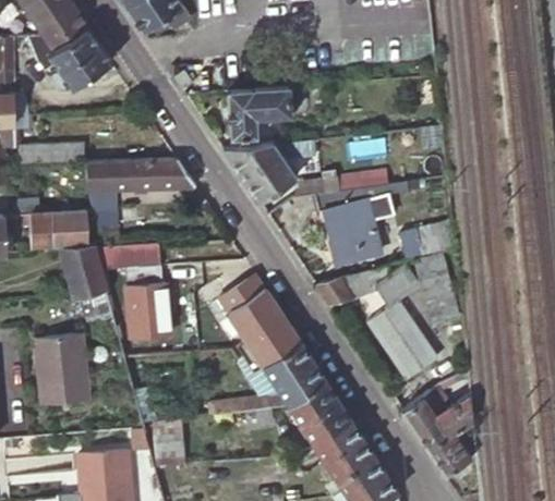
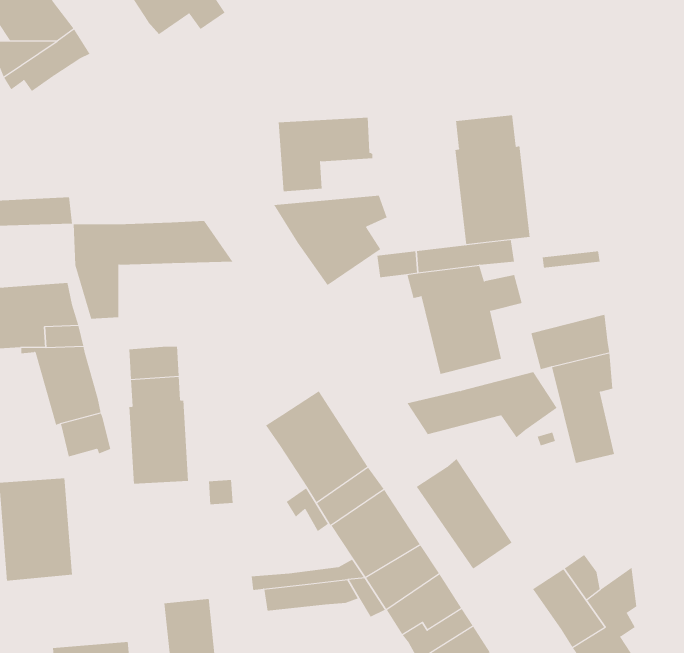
building: [49,44,111,88] -> none
building: none -> [455,114,530,245]
building: [369,302,435,378] -> [416,458,513,569]

